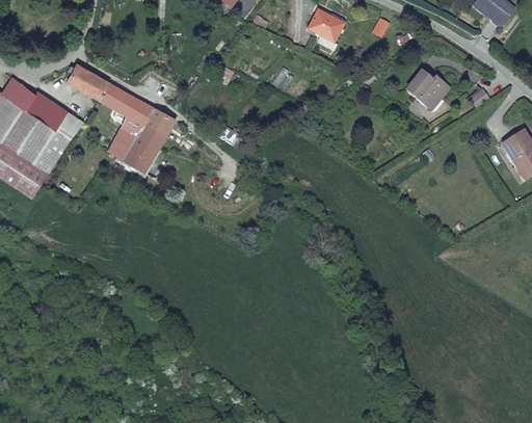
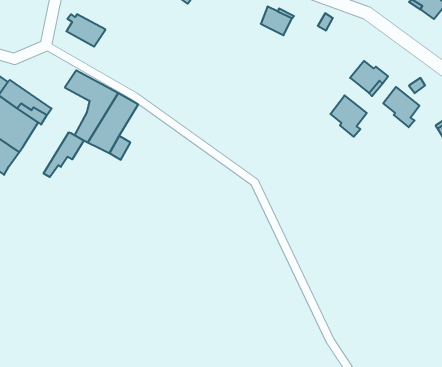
building: [66,64,109,100] -> [66,14,105,47]
building: none -> [383,87,419,127]
building: none -> [330,95,367,137]
building: none -> [44,132,84,177]

